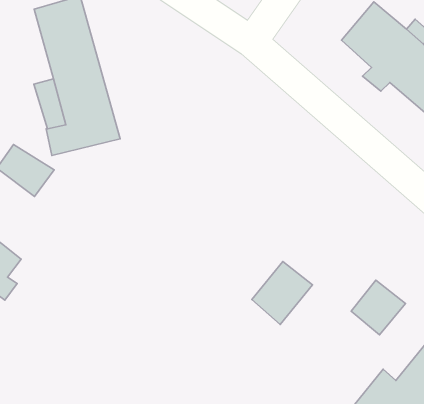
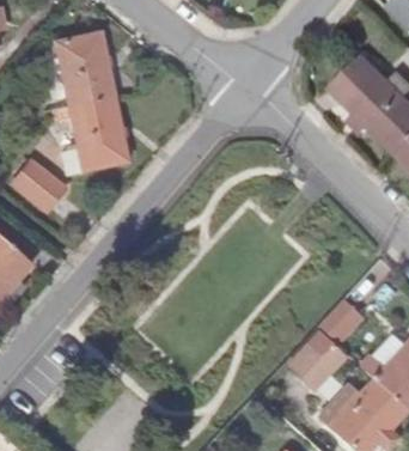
building: [252,261,312,325] -> [288,333,343,389]

